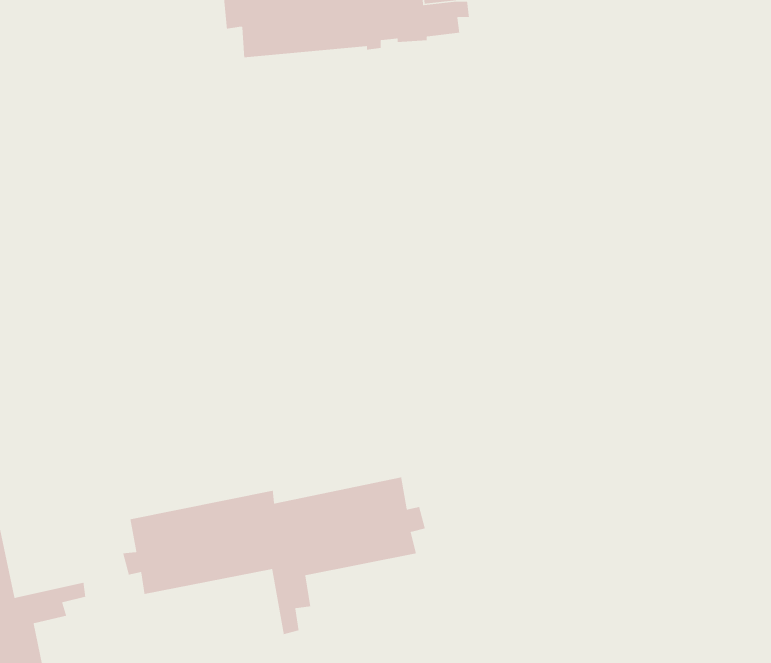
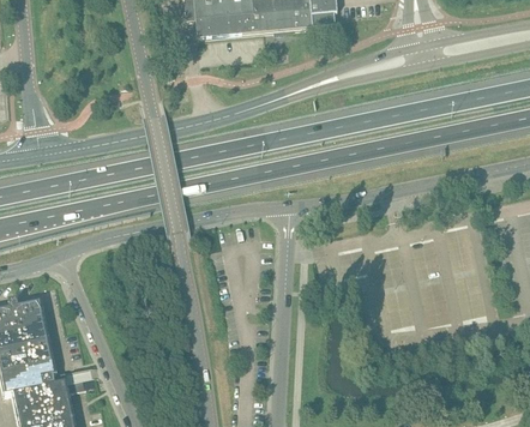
building: [122,476,426,635] -> none

